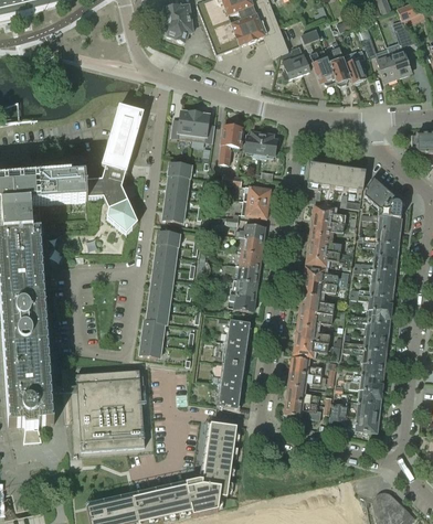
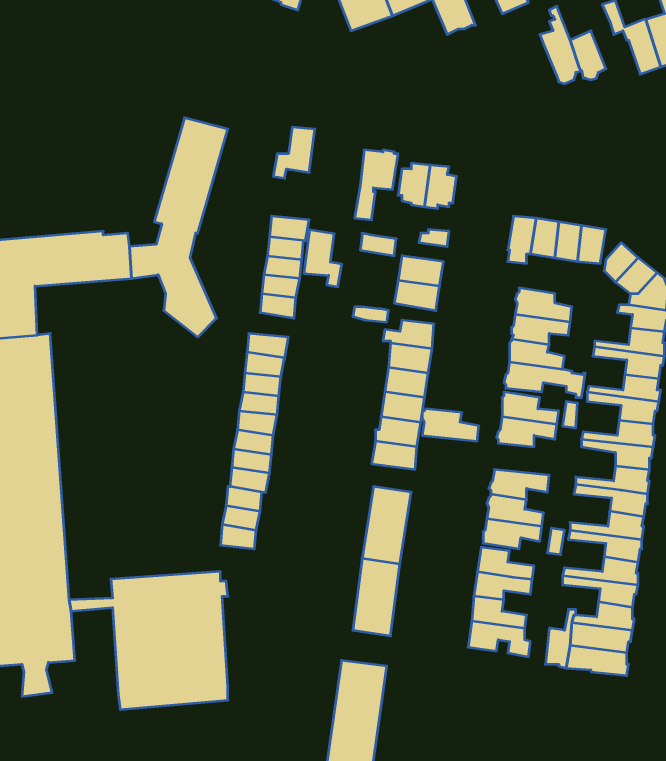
building: [283,45,309,78] -> none
building: [307,45,337,84] -> none
building: [192,111,214,145] -> [304,230,342,287]
building: [300,295,334,313] -> [422,409,479,441]

